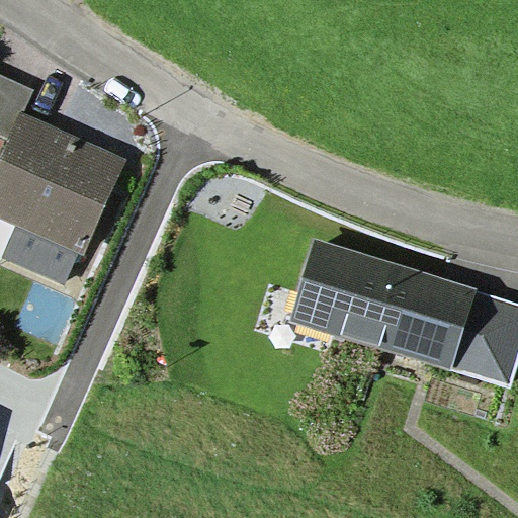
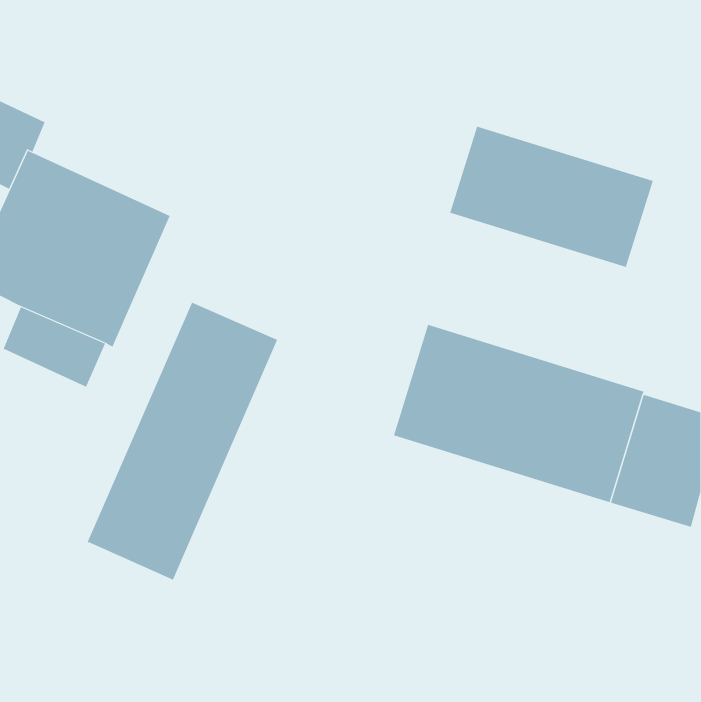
building: none -> [450,126,654,268]
building: none -> [87,302,278,580]

